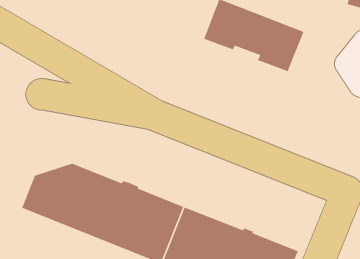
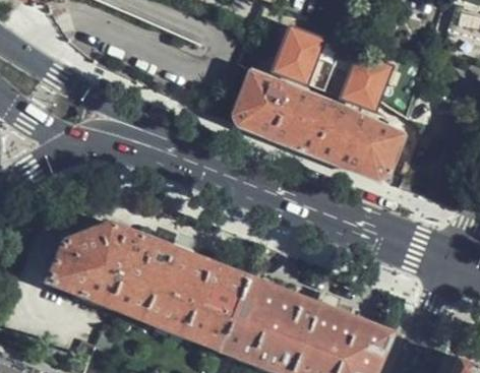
building: none -> [234,64,412,179]

